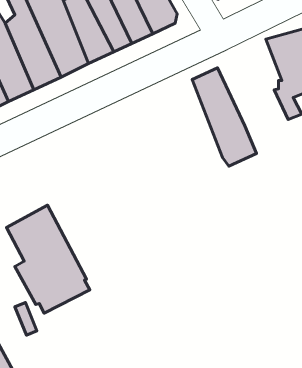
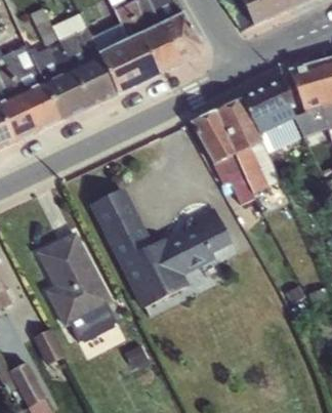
building: none -> [241,78,300,155]
building: none -> [190,110,246,192]
building: none -> [90,188,233,309]

